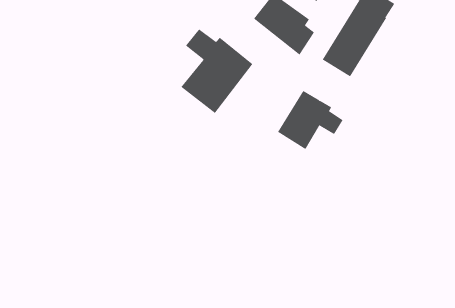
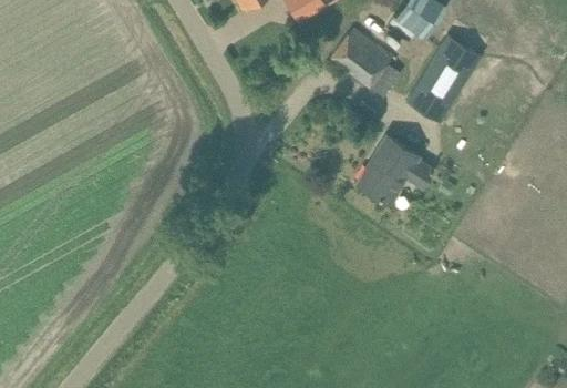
building: [180,28,253,114] -> none

